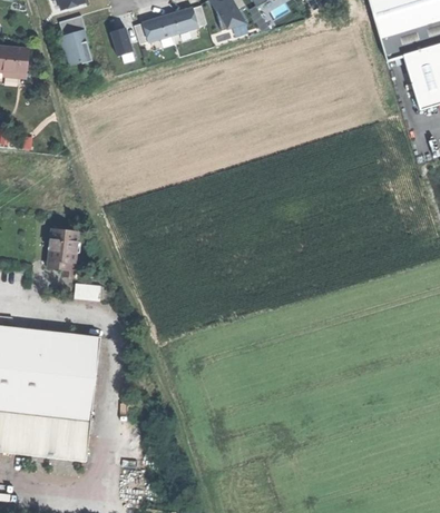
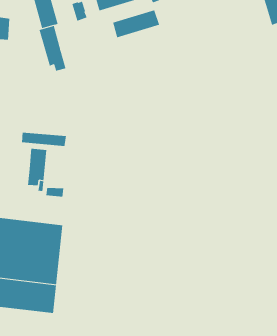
building: none -> [112,10,160,38]
building: none -> [39,25,66,72]
building: none -> [22,132,66,147]

